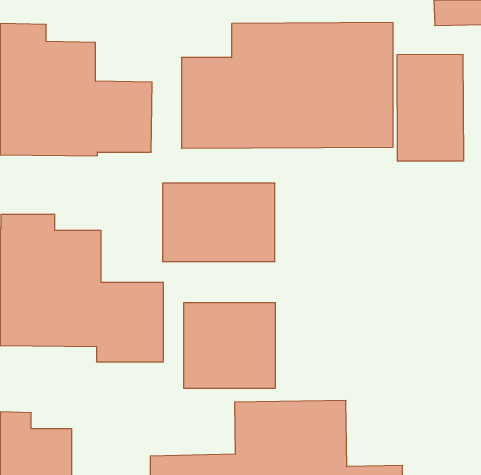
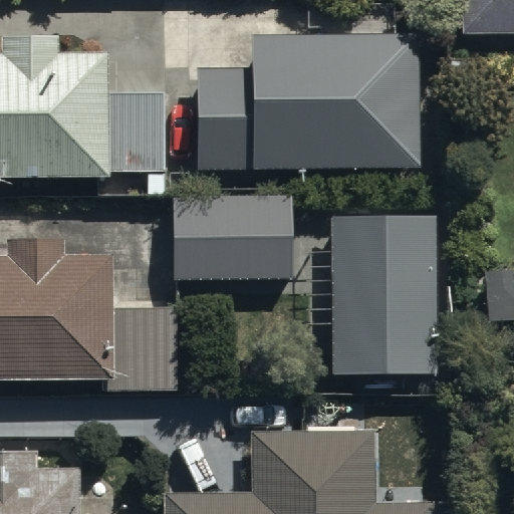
building: [397,54,463,161] -> none
building: none -> [332,223,433,382]
building: [184,303,275,388] -> none

